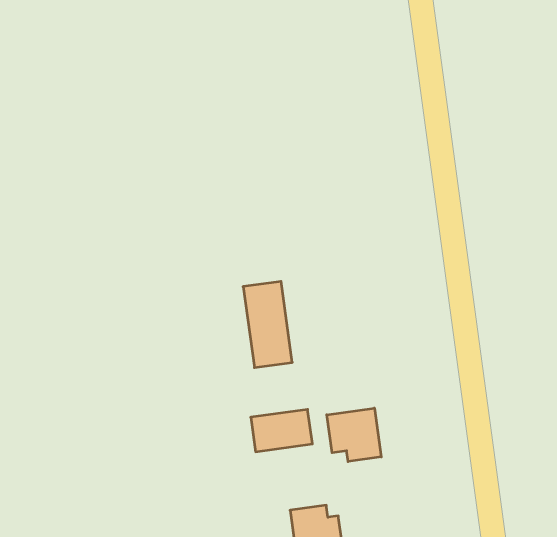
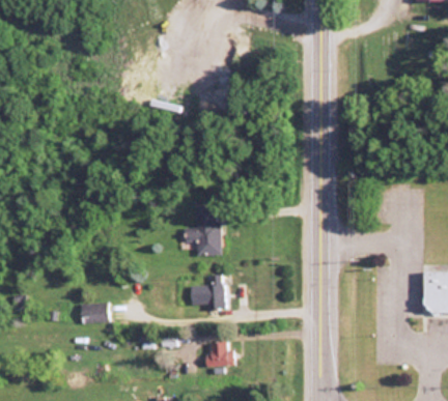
building: [327,408,381,462] -> none
building: none -> [81,304,109,322]

